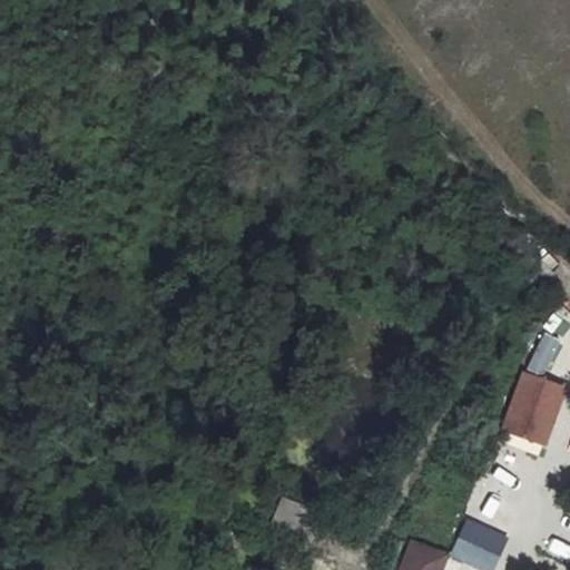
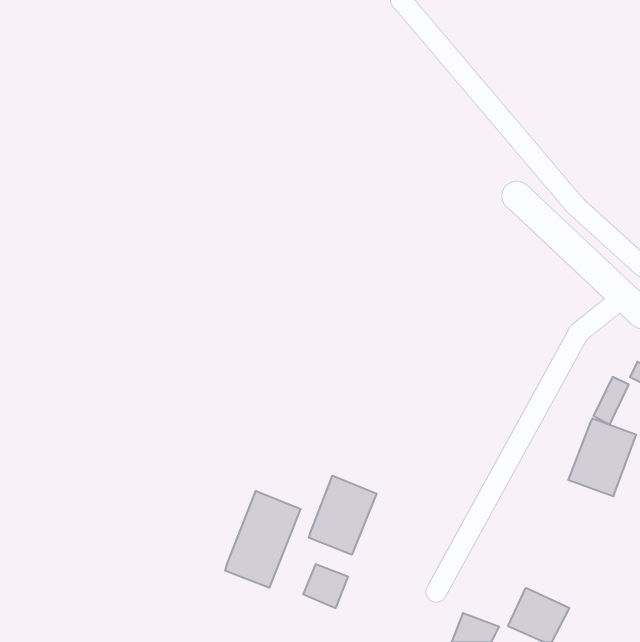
building: none -> [309,476,376,555]
building: none -> [225,491,301,588]

